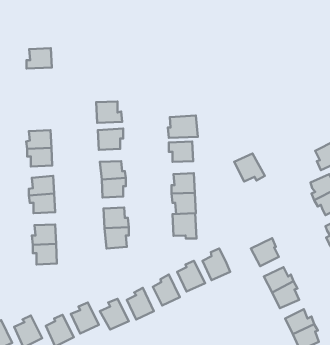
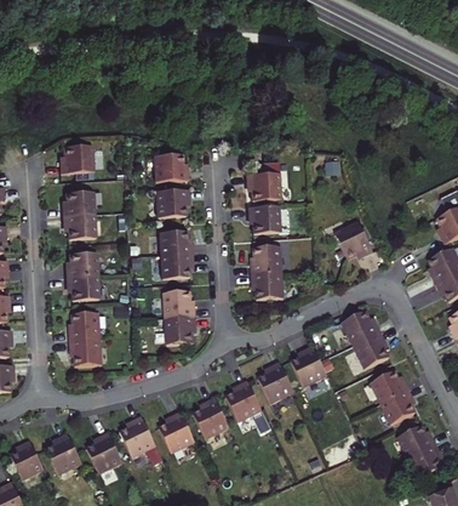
building: [27,48,52,69] -> [59,146,92,172]
building: [172,213,197,239] -> none
building: none -> [343,311,382,346]

